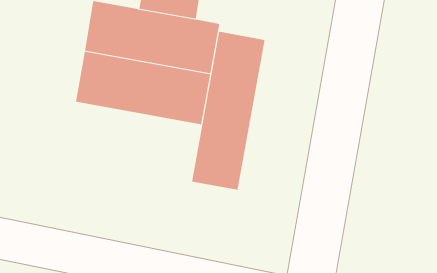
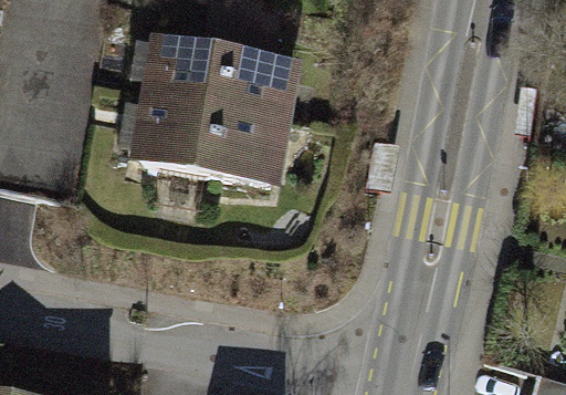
building: [192,31,265,191] -> none

